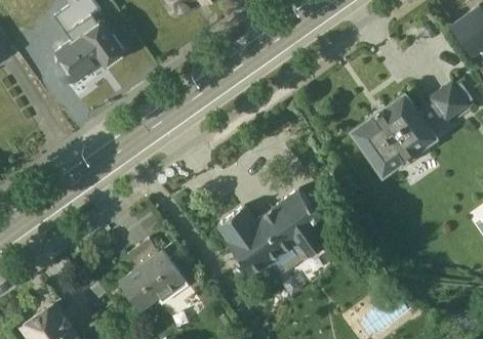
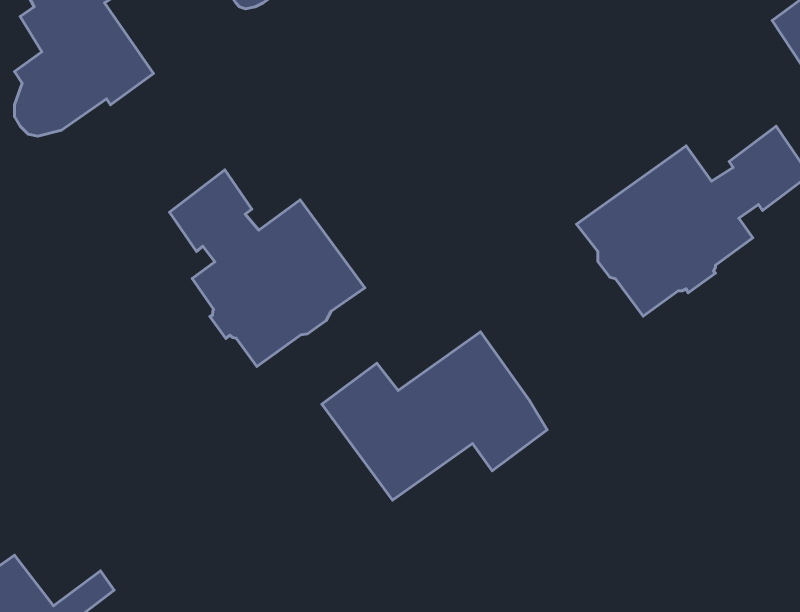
building: none -> [170,170,365,367]
building: [117,240,189,313] -> none

